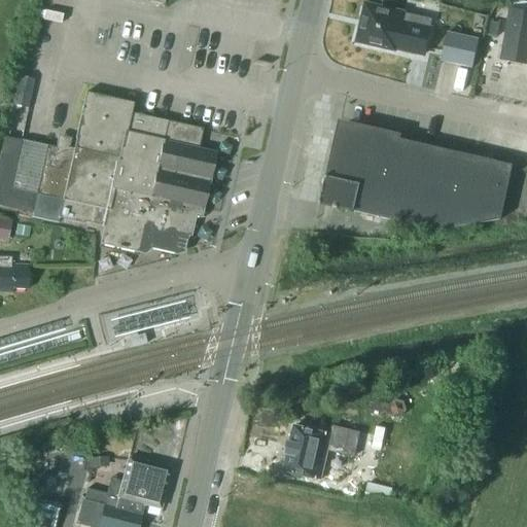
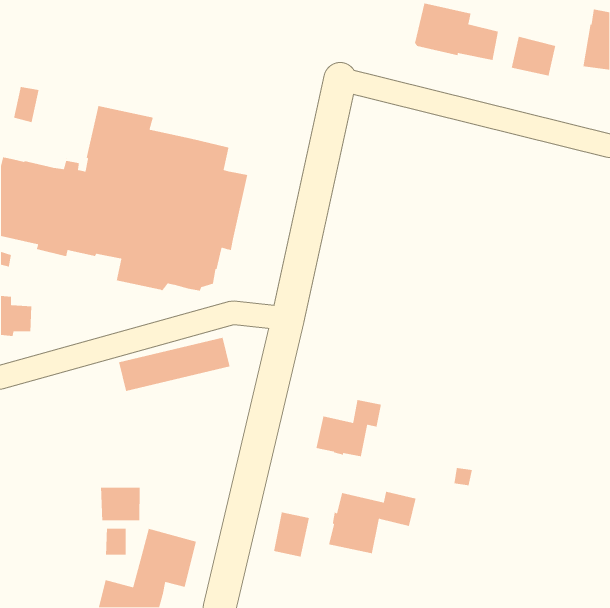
building: [319,124,513,230] -> none
building: none -> [316,399,382,457]
building: none -> [100,487,140,521]
building: none -> [273,511,310,557]

